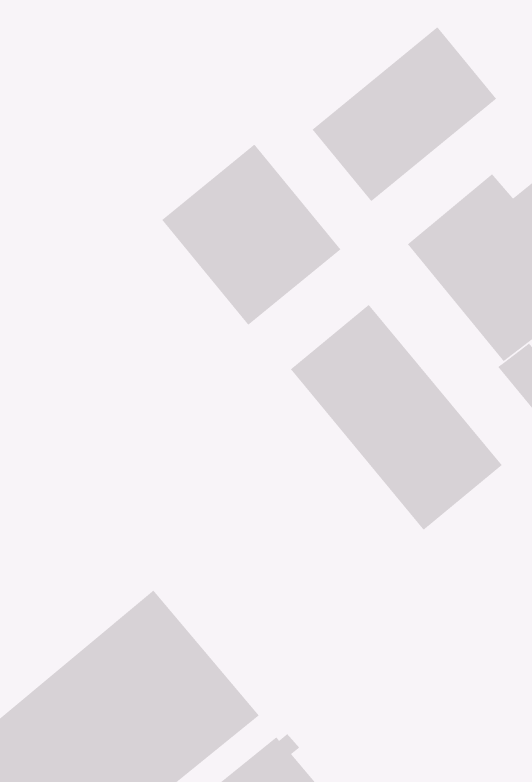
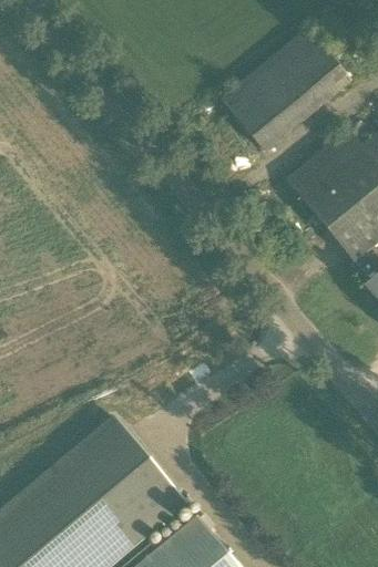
building: [161,143,341,326] -> none
building: [290,304,503,531] -> none

